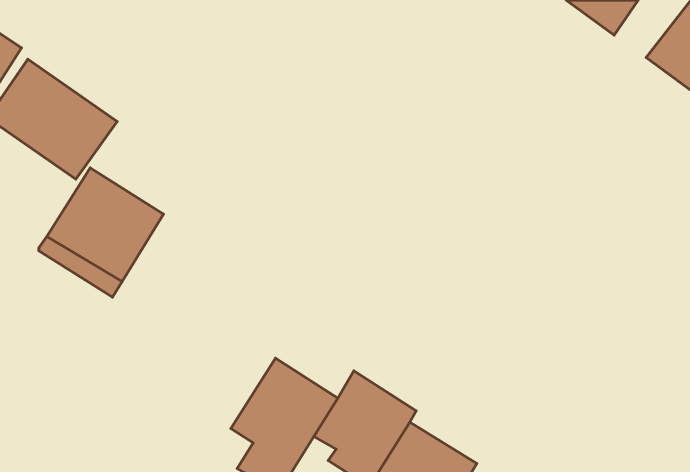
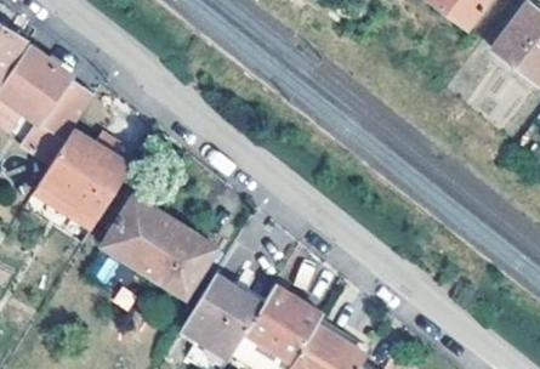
building: none -> [102,198,216,299]

